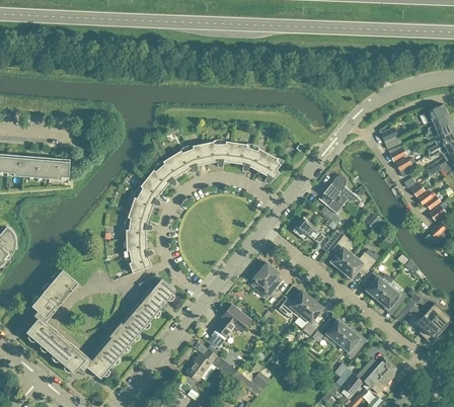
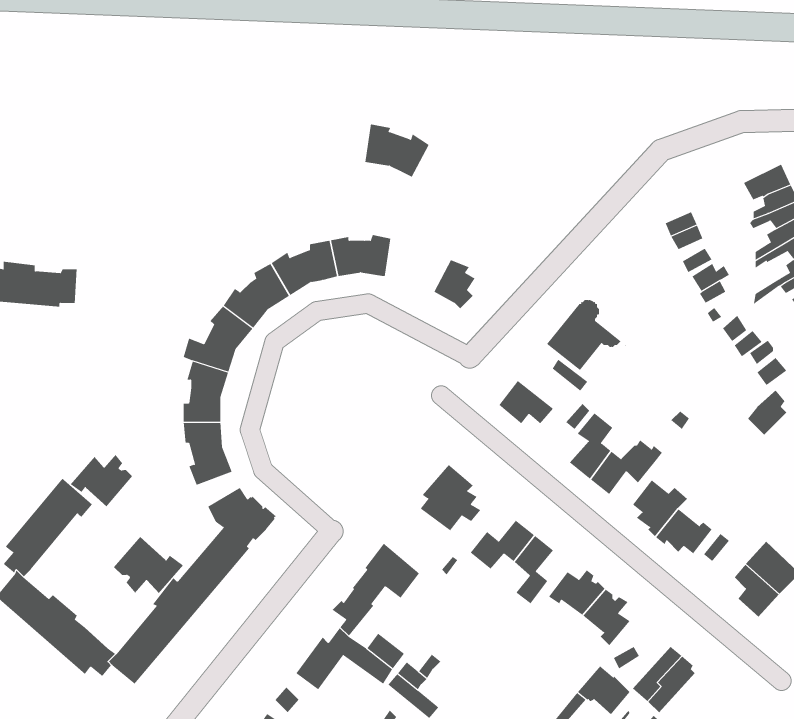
building: [233,143,268,171] -> [364,124,430,178]
building: none -> [70,454,133,507]
building: none -> [113,536,184,594]

